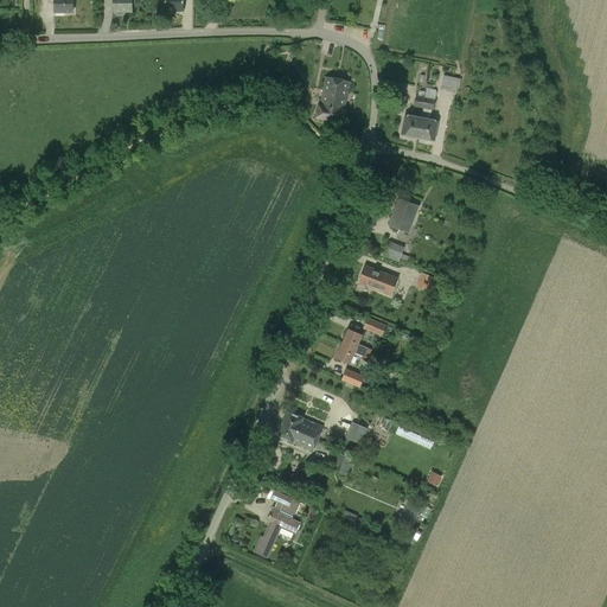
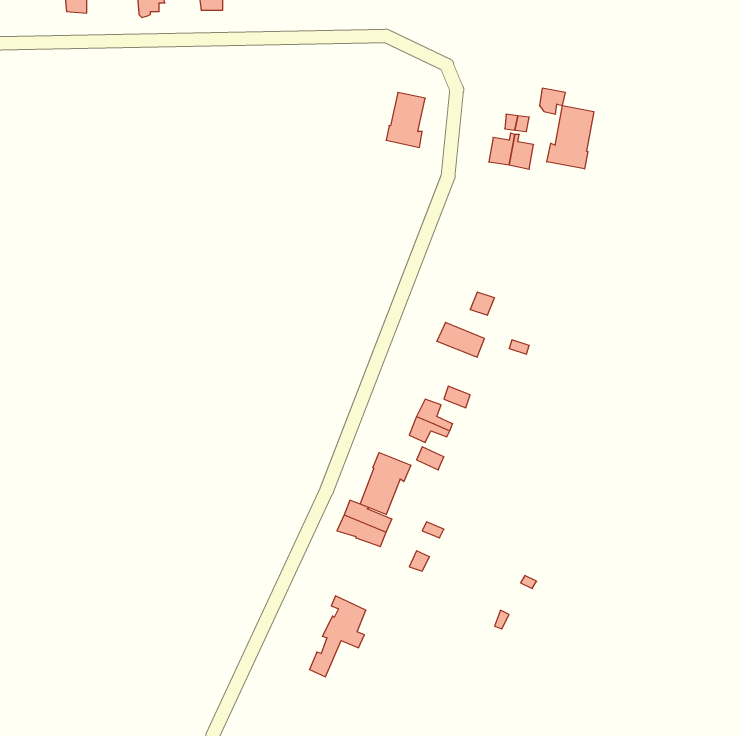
building: none -> [547,106,594,169]
building: [389,198,418,230] -> none
building: none -> [360,453,411,515]

